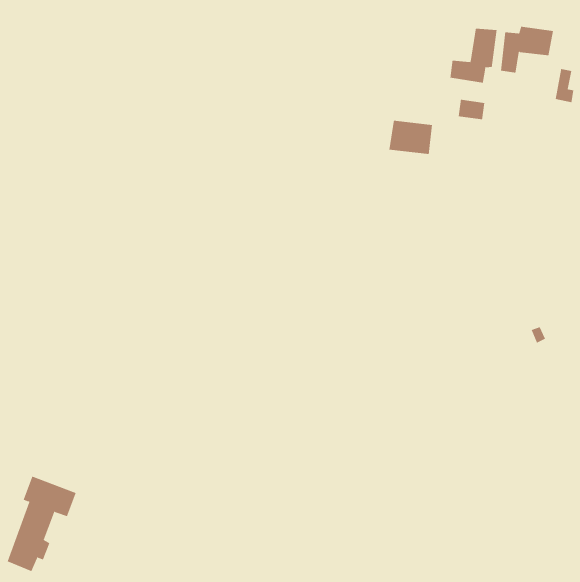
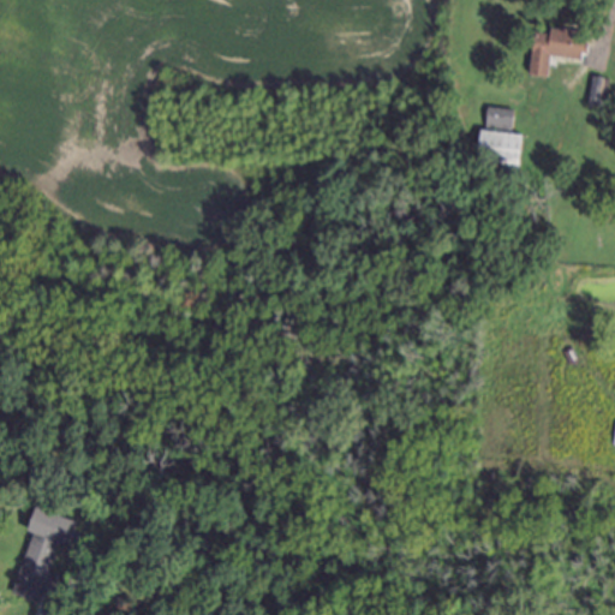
building: [450,28,497,84] -> none
building: [388,120,433,155] -> [476,130,523,166]

